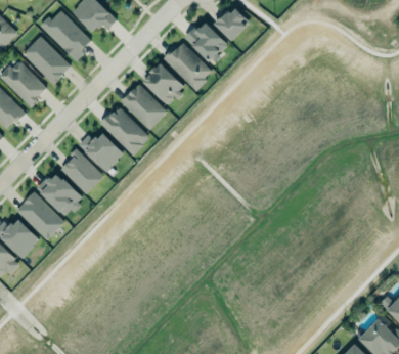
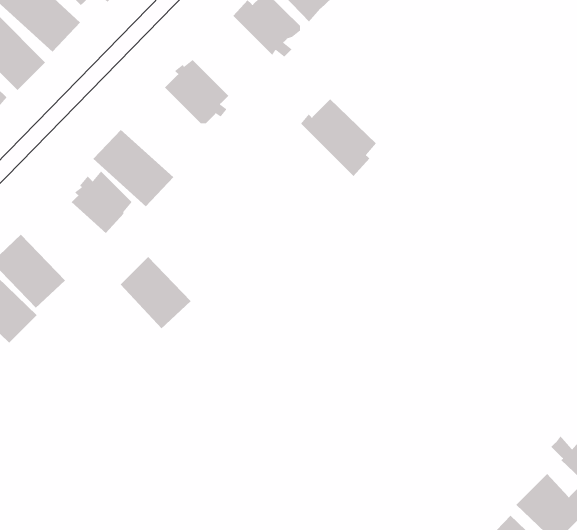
building: [165,42,212,90] -> [300,99,377,177]
building: [122,83,168,129] -> none
building: [59,149,103,194] -> [120,256,191,329]

